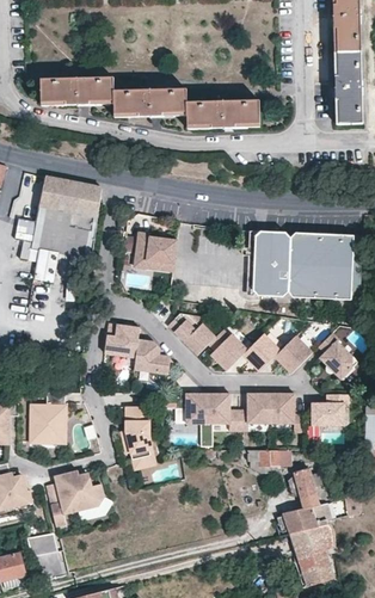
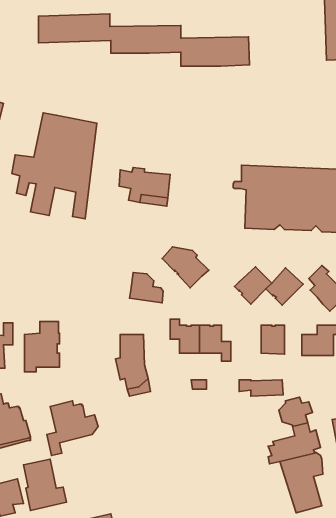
building: [104,325,140,358] -> none
building: [209,329,247,371] -> none
building: [239,394,270,431] -> none

